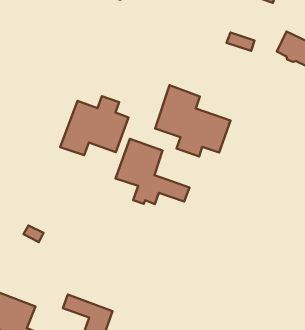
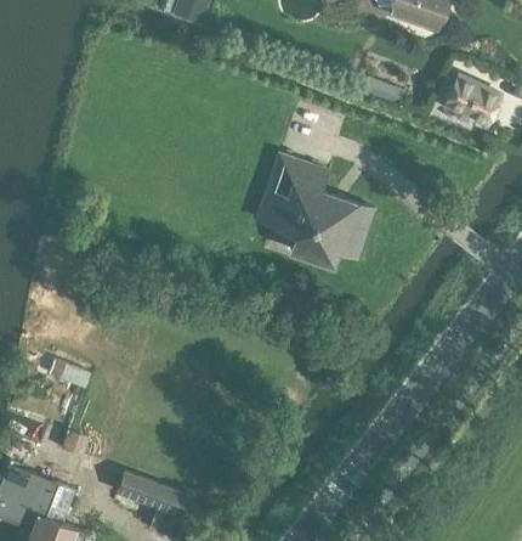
building: [60,96,128,155] -> none
building: [116,139,190,204] -> none

